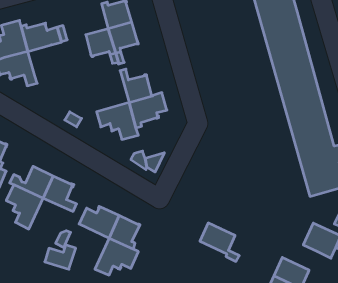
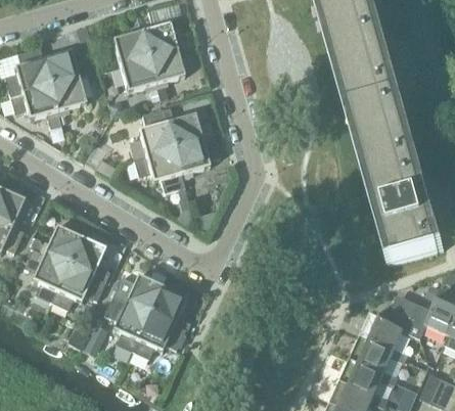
building: none -> [112,29,148,66]
building: none -> [50,79,86,117]
building: none -> [129,110,174,161]
building: none -> [51,266,105,311]
building: [200,223,239,261] -> [361,316,409,363]
building: none -> [103,298,149,353]

